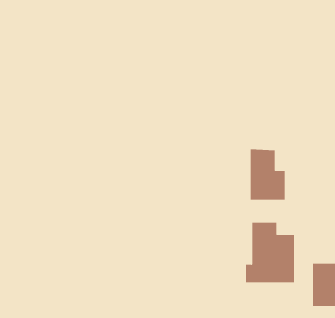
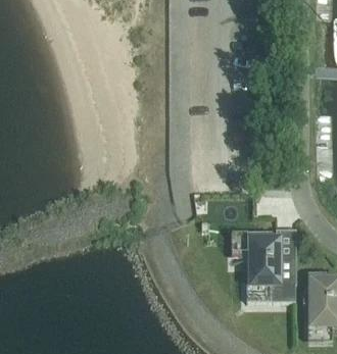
building: [250,149,285,200] -> none

